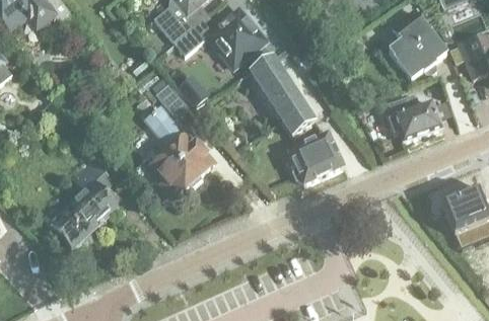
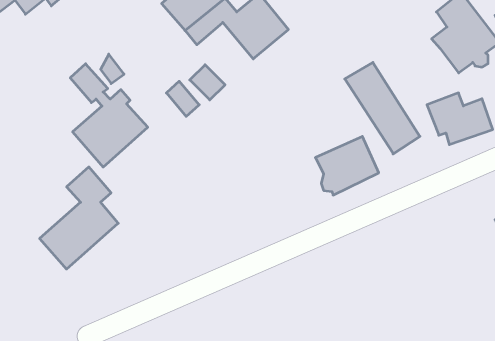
building: [250,57,315,136] -> [345,62,420,154]
building: [147,107,214,196] -> [70,64,148,167]

